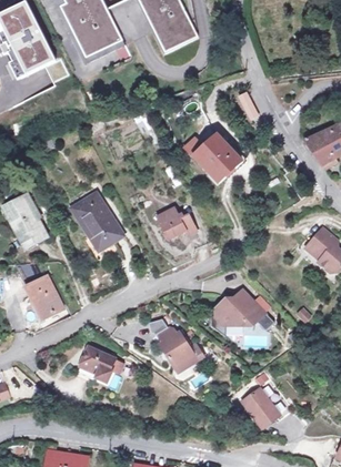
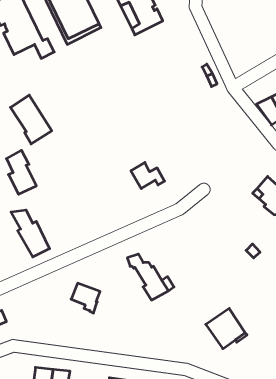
building: [192,133,238,180] -> none
building: [73,192,122,250] -> [10,95,52,144]
building: [215,287,279,333] -> none

